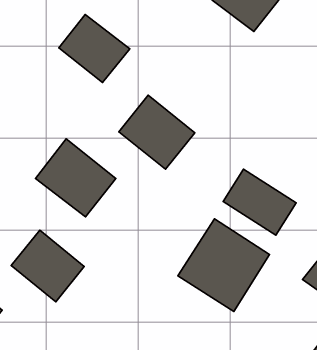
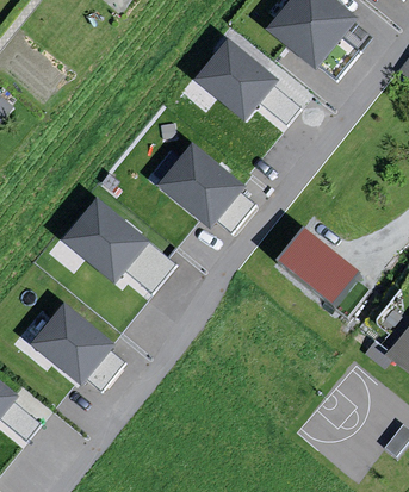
building: [59,14,130,82] -> [196,37,279,117]
building: [178,219,269,311] -> none

